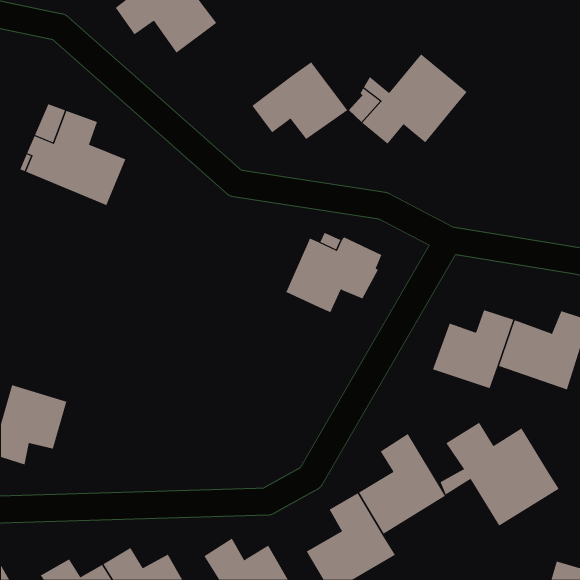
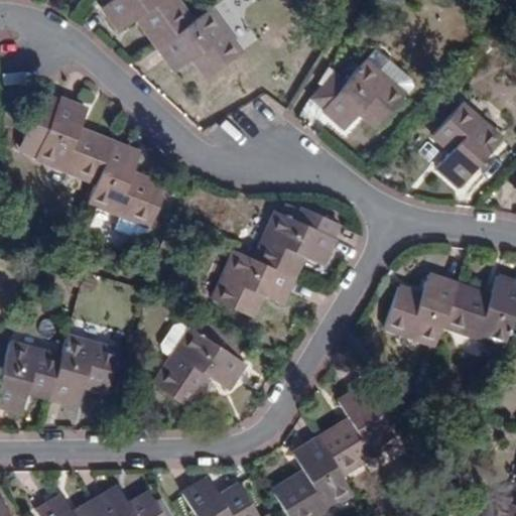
building: [251,61,348,140] -> [157,8,243,78]
building: none -> [433,103,501,186]
building: none -> [89,141,166,227]
building: none -> [212,250,294,316]
building: none -> [153,325,247,408]
building: none -> [48,334,119,406]
building: [440,422,559,527] -> none

